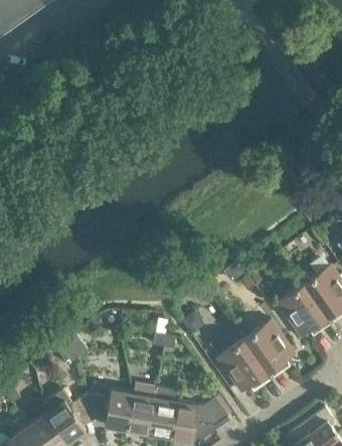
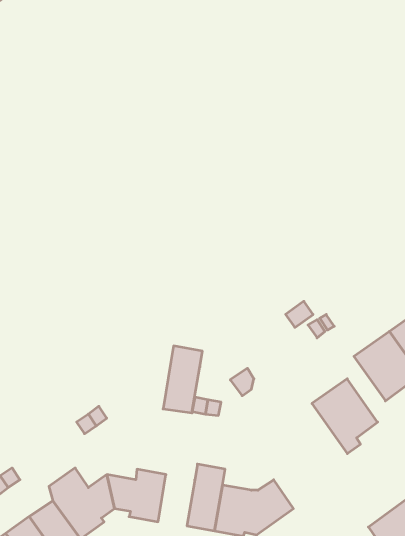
building: [216,339,271,392] -> none
building: [126,382,156,433] -> [163,346,202,413]

